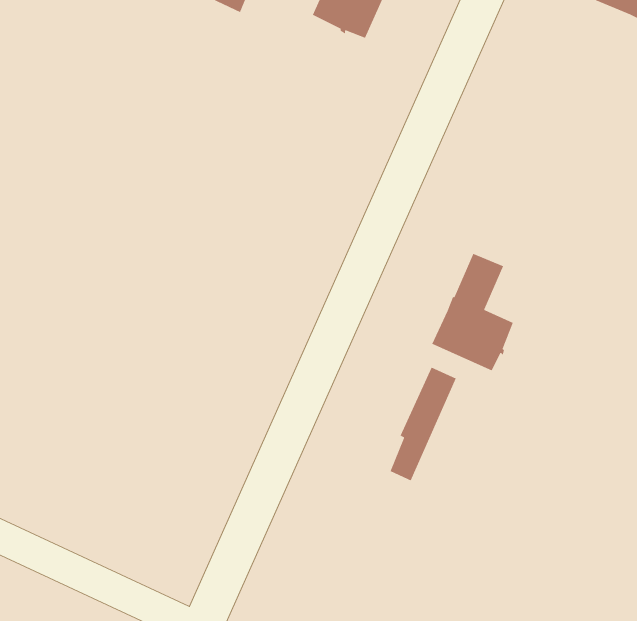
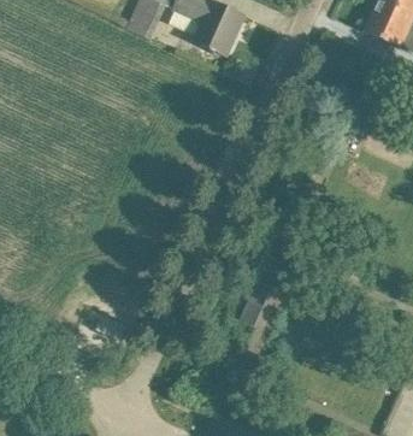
building: [431,253,514,371] -> none

